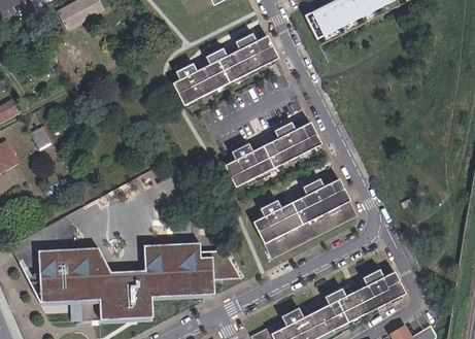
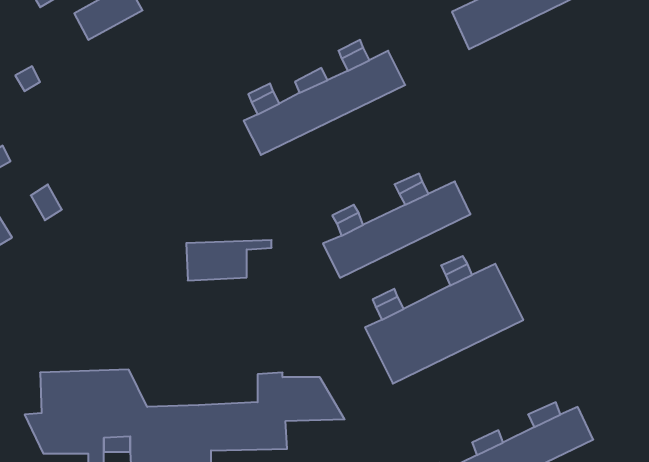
building: [140,244,197,271] -> [186,240,272,280]

